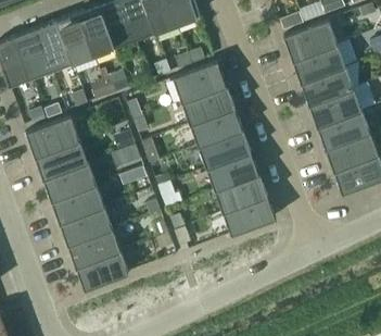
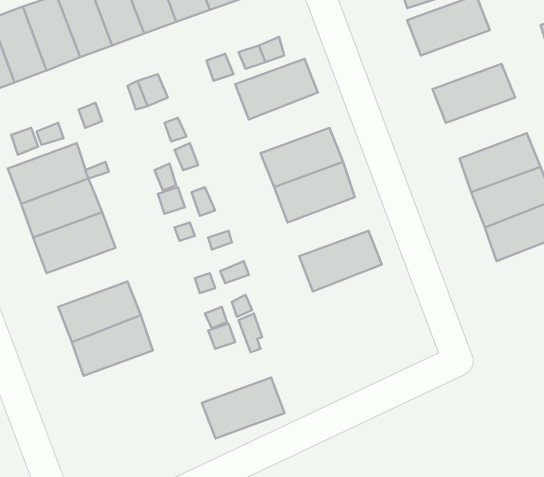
building: [292,43,344,82] -> none
building: [181,84,233,123] -> none
building: [308,87,360,126] -> none
building: [206,151,258,189] -> none
building: [51,184,103,222] -> none
building: [223,195,275,234] -> none
building: [75,250,128,289] -> [202,378,285,438]

